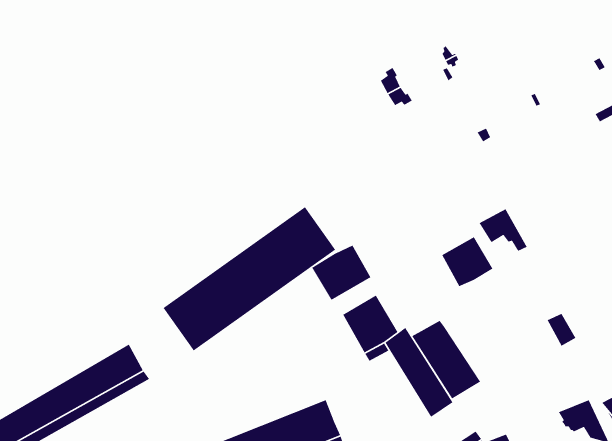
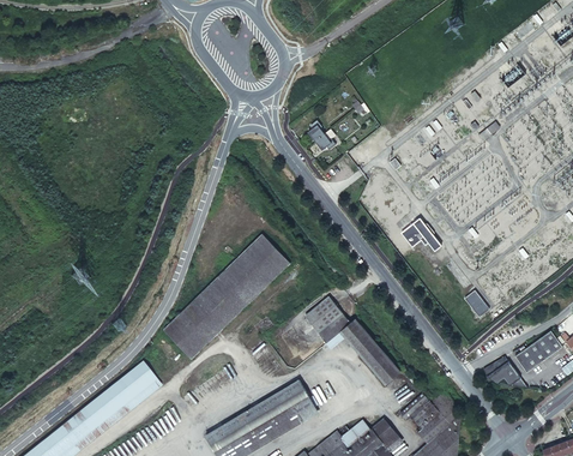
building: [441,236,493,287] -> none
building: [311,244,372,301] -> none
building: [411,320,481,400] -> none

